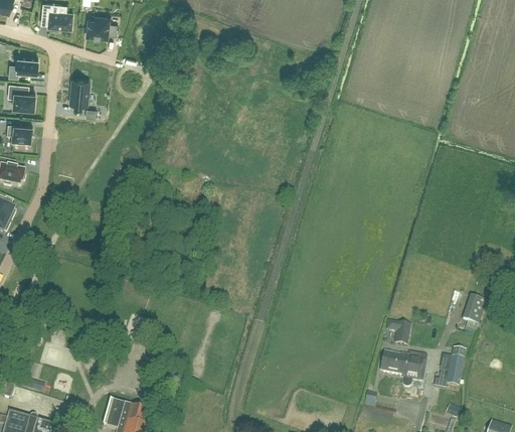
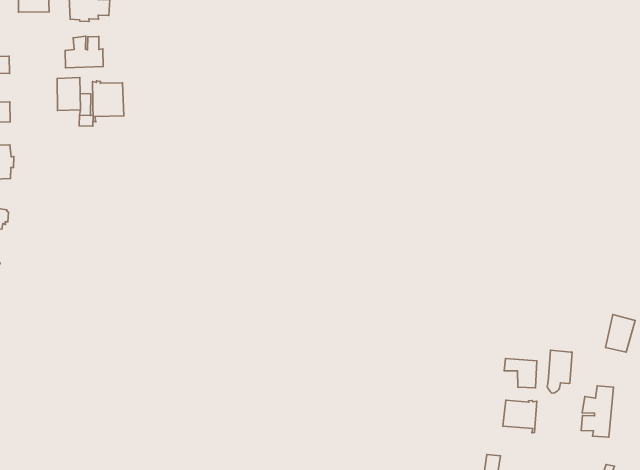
building: none -> [65,36,103,68]
building: none -> [93,81,124,122]
building: [401,352,422,385] -> [547,350,572,393]

